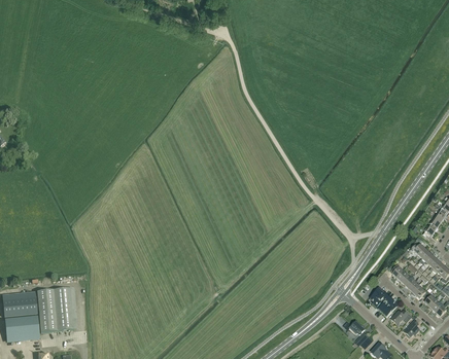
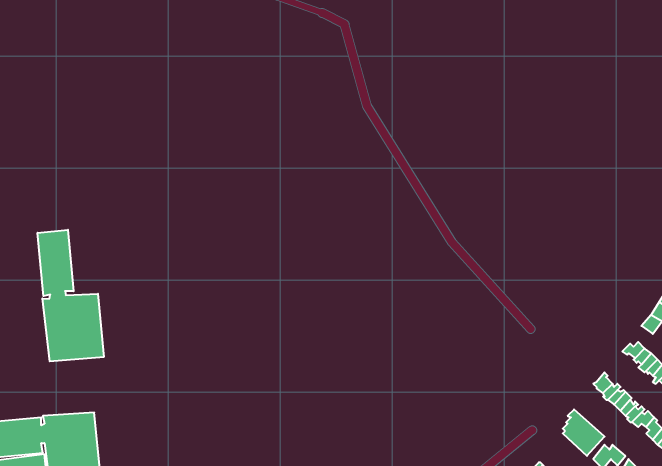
building: none -> [38,230,104,361]

